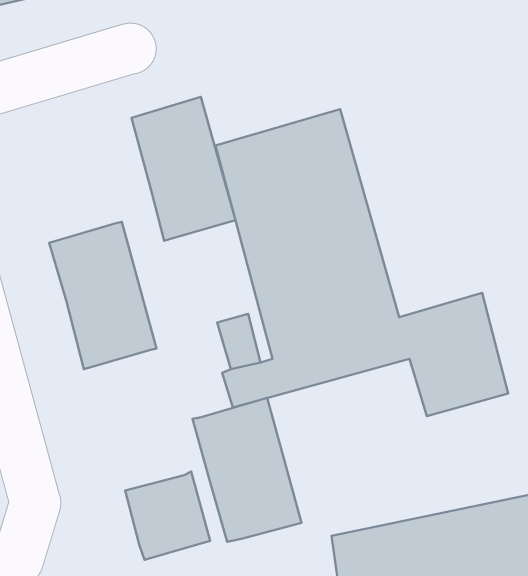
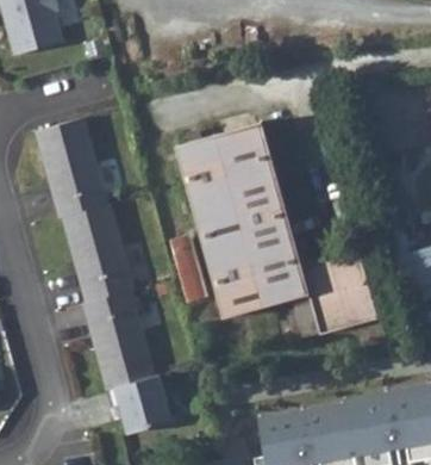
building: [131,97,235,241] -> [36,117,107,216]
building: [193,398,302,542] -> [80,289,155,388]

